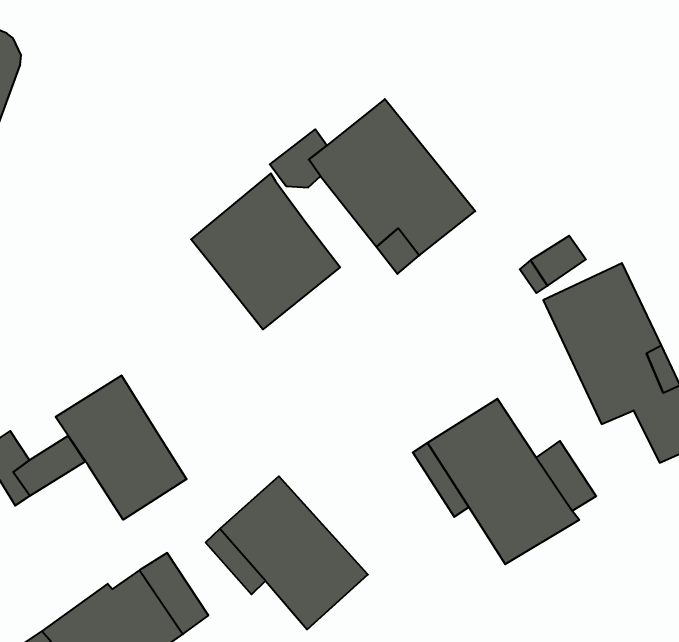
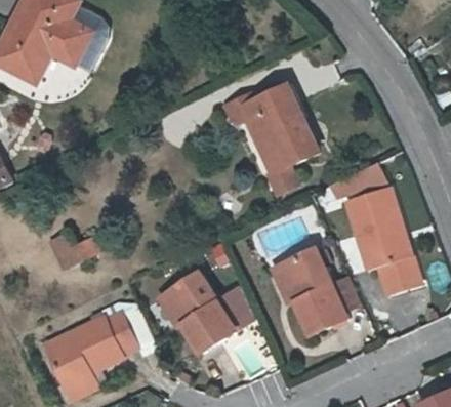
building: [191,173,340,329] -> none
building: [56,375,187,520] -> none
building: none -> [219,284,257,327]

